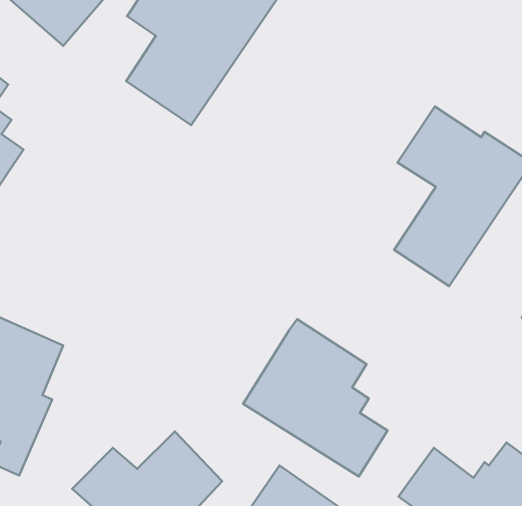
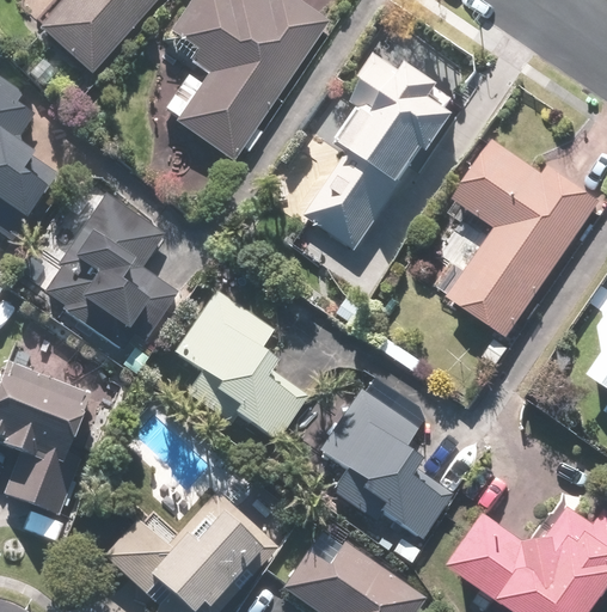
building: none -> [307,50,459,247]
building: none -> [41,191,178,351]
building: none -> [173,290,306,437]

